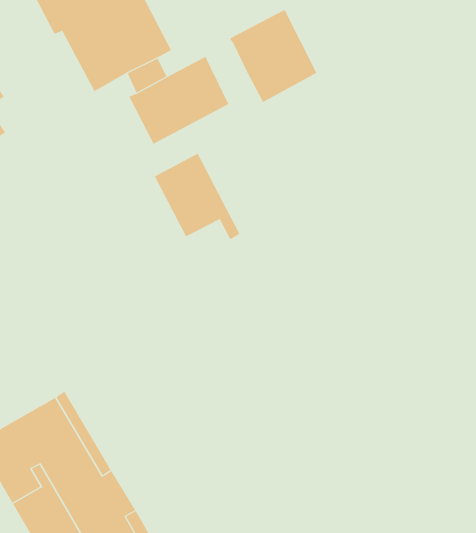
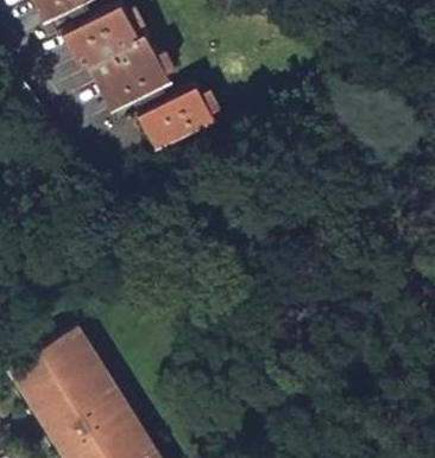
building: [229,9,317,103] -> none
building: [154,153,240,240] -> none

